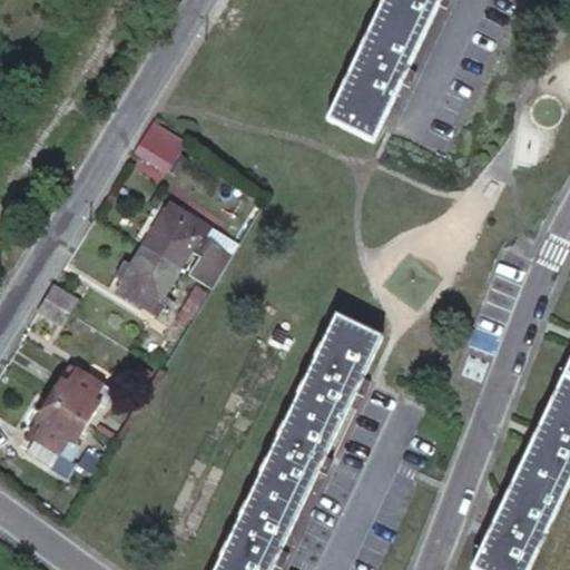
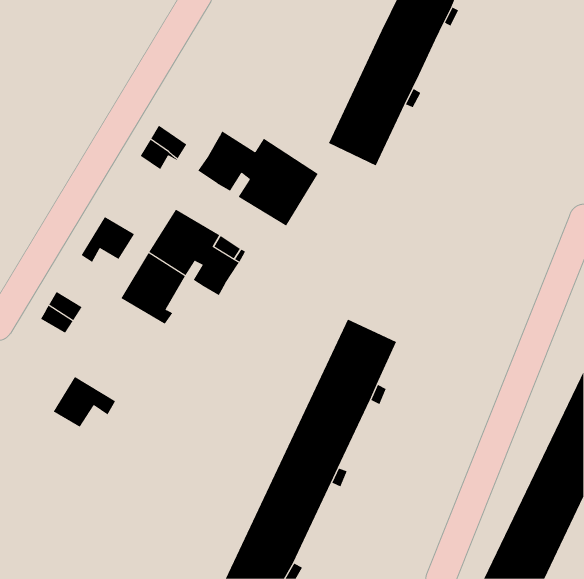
building: none -> [197,131,319,226]
building: none -> [81,216,135,263]
building: [27,400,79,466] -> none

